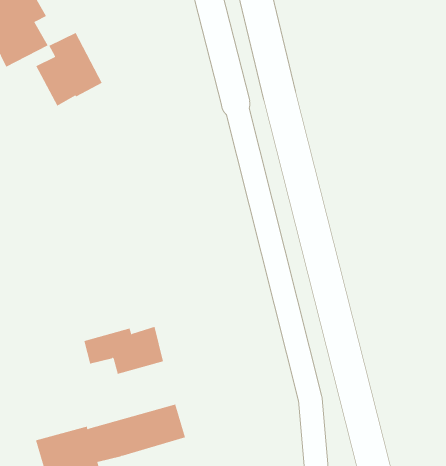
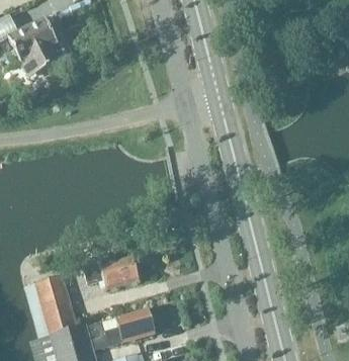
building: [35,32,103,106] -> none
building: none -> [33,274,75,333]

